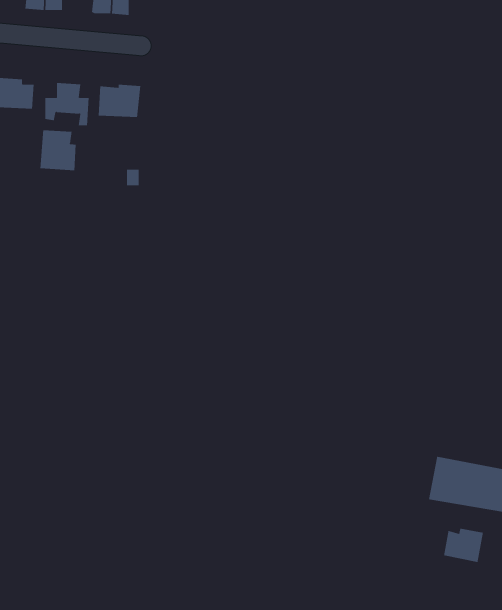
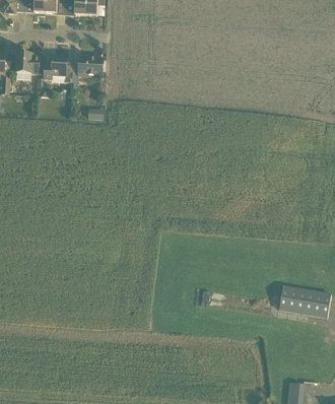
building: [40,129,76,171] -> none
building: [444,528,484,563] -> none

